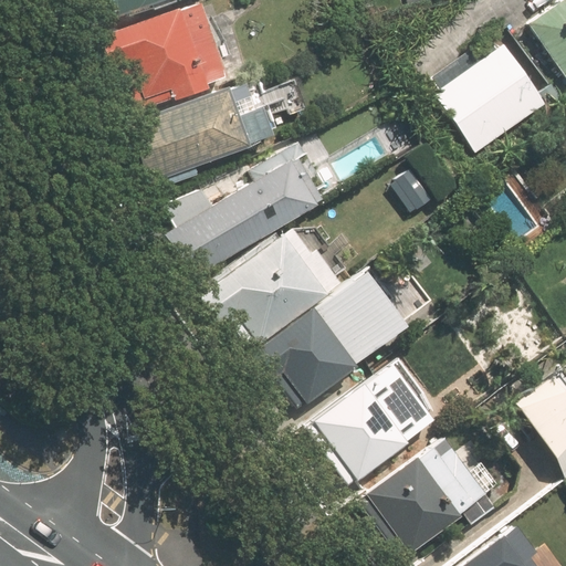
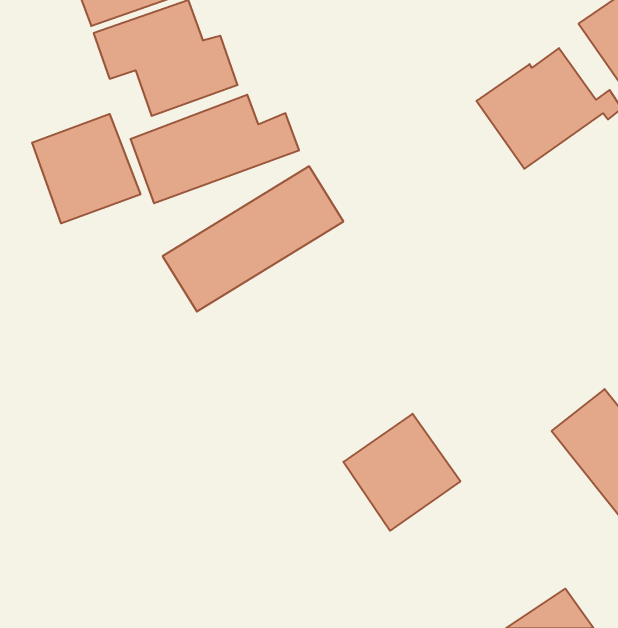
building: none -> [32,114,140,223]
building: [198,224,344,344] -> none
building: [250,271,409,405] -> none
building: [365,437,489,549] -> none

